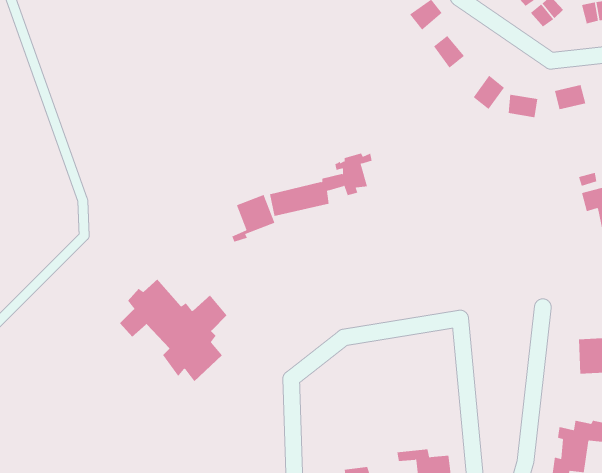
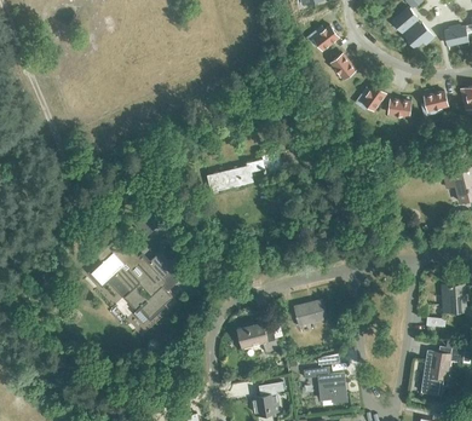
building: [231,194,275,243] -> none
building: none -> [294,300,327,327]
building: none -> [237,323,277,352]

